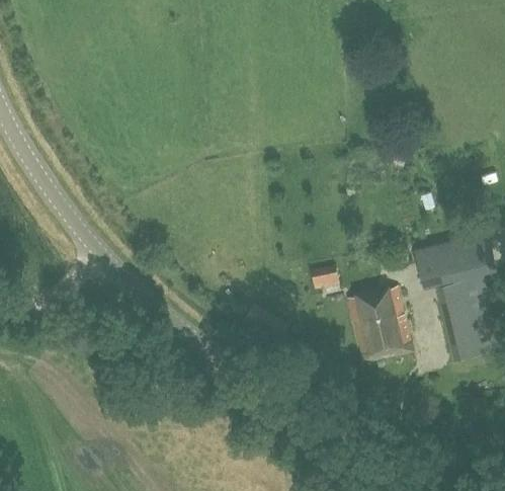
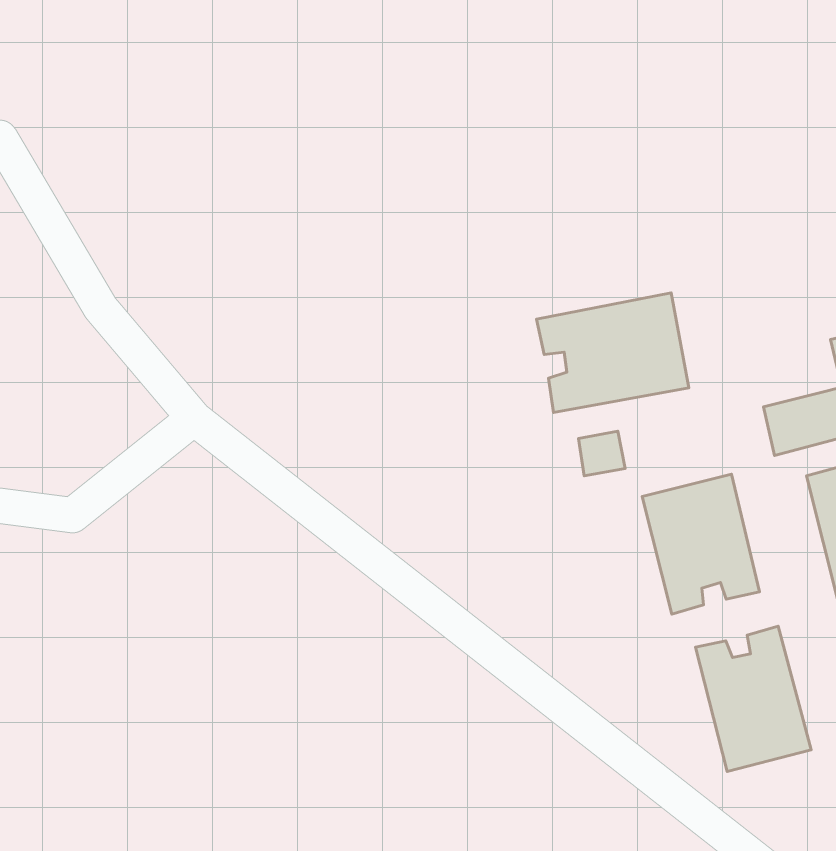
building: none -> [537,293,689,412]
building: none -> [695,626,811,772]

